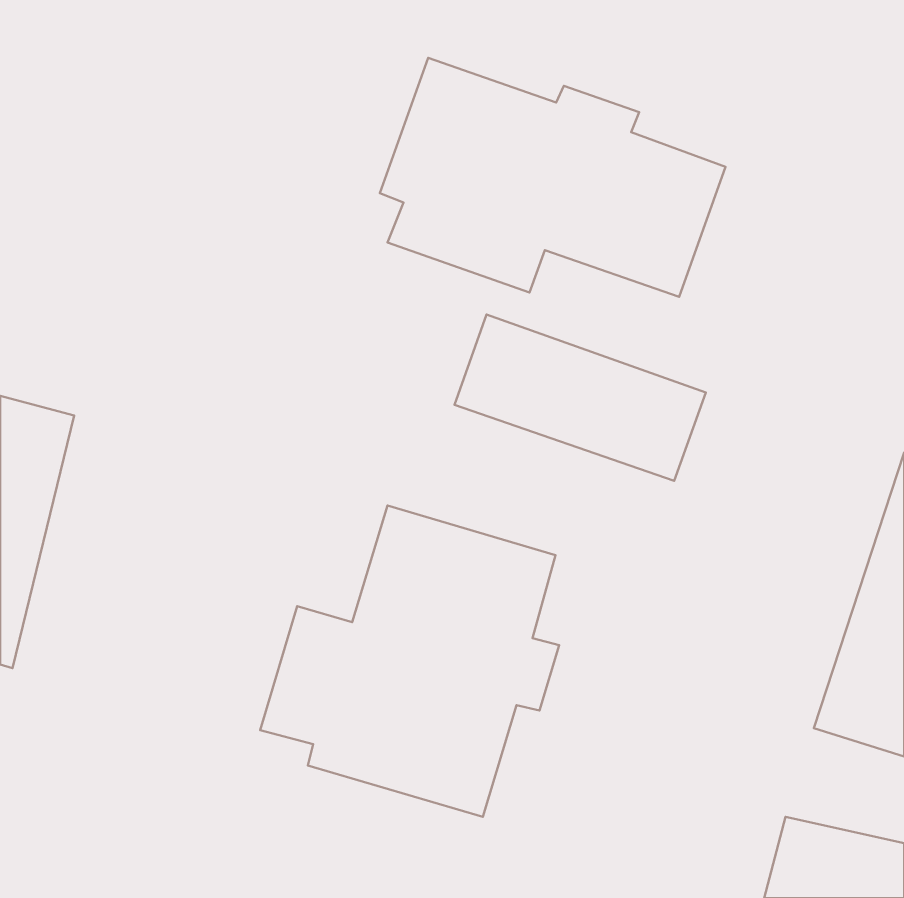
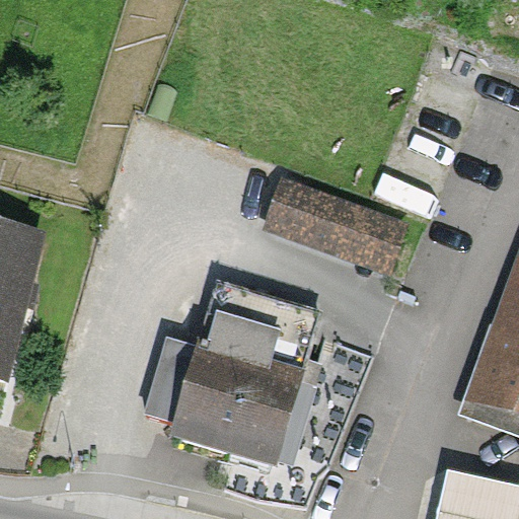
building: [380,58,725,297] -> none

